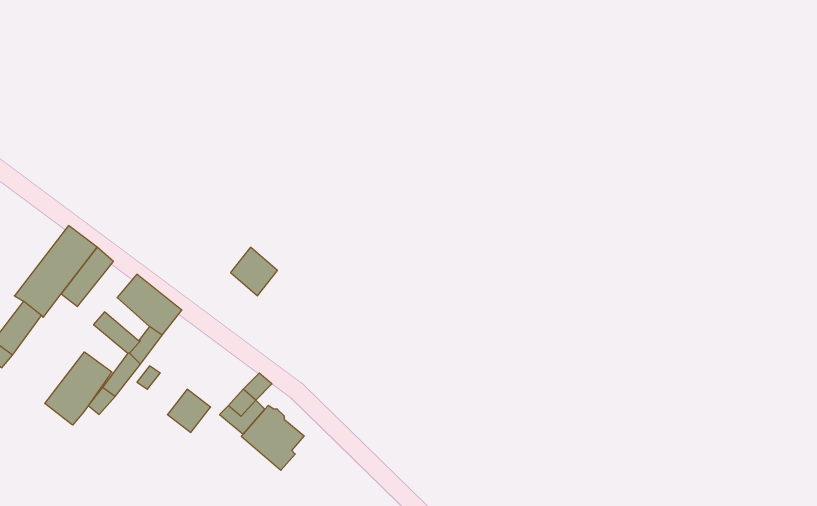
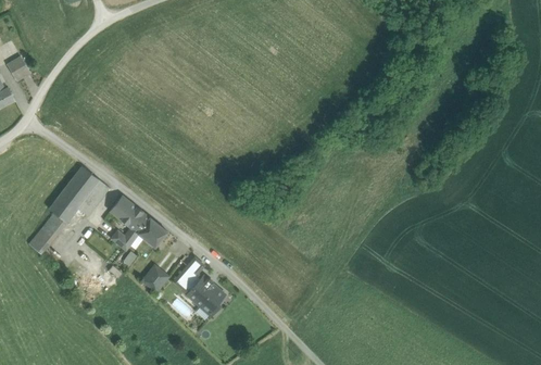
building: [231,247,277,296] -> [138,217,166,247]
building: [45,352,112,425] -> none

